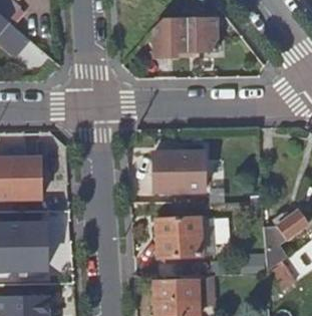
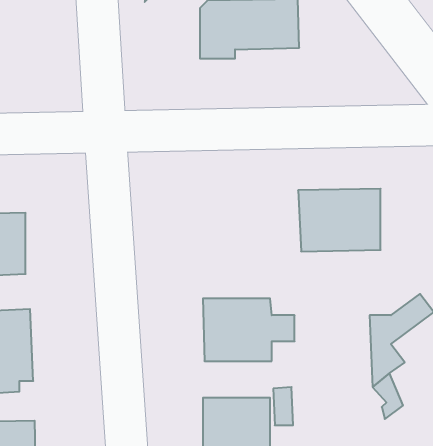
building: [153,151,208,193] -> [298,189,381,251]

